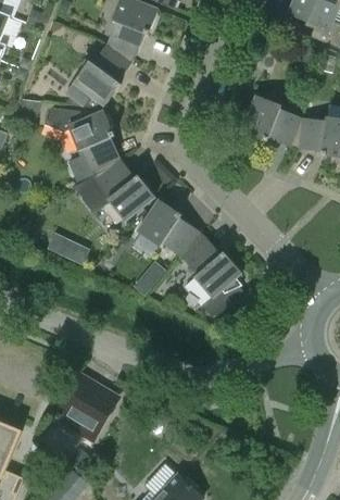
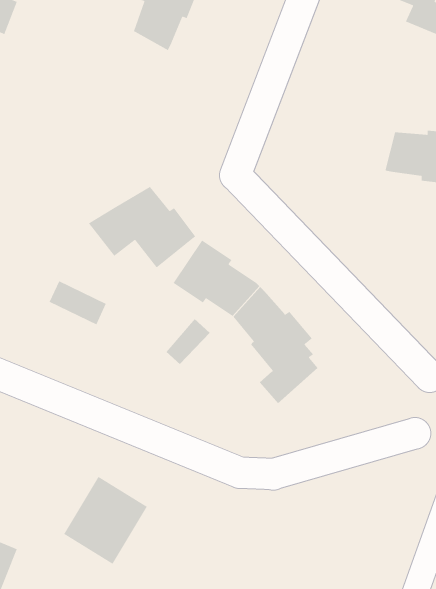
building: [65,43,134,105] -> none
building: [236,96,302,148] -> none
building: [43,105,121,175] -> none

